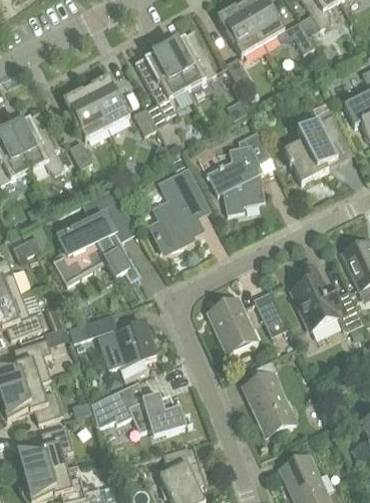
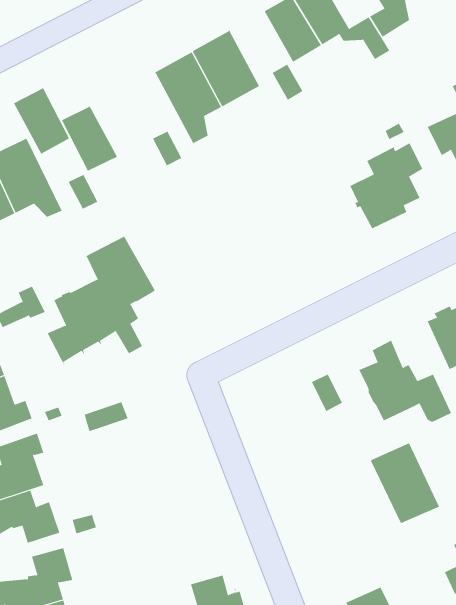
building: [86,75,129,127] -> [13,87,70,154]
building: [207,136,265,214] -> none
building: [150,169,201,251] -> none
building: [209,297,256,351] -> none
building: [98,321,155,380] -> none
building: [243,371,296,434] -> [370,442,440,524]
building: [91,384,186,437] -> none

